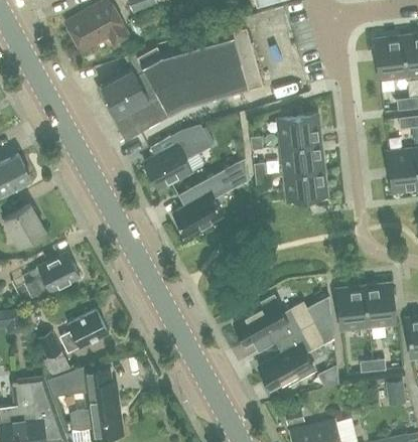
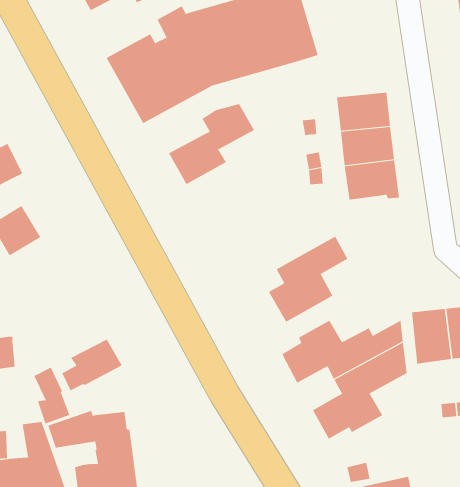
building: [171,169,235,238] -> [268,236,348,322]
building: [23,253,79,297] -> none

